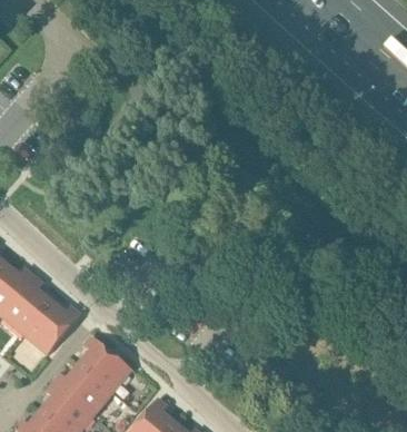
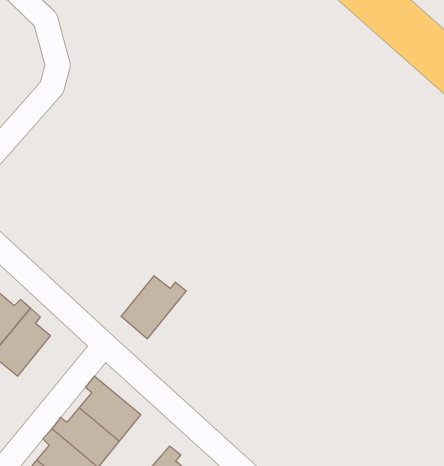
building: [22,302,80,357] -> [121,276,186,339]

